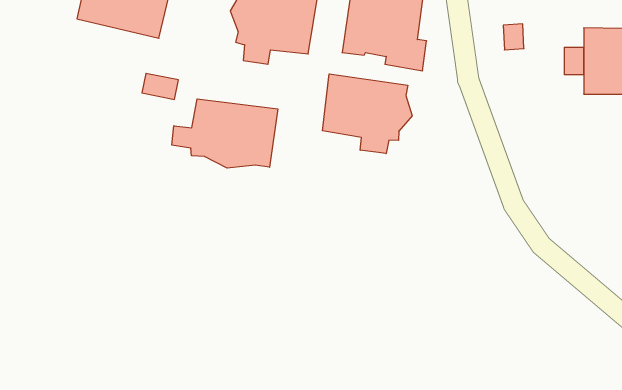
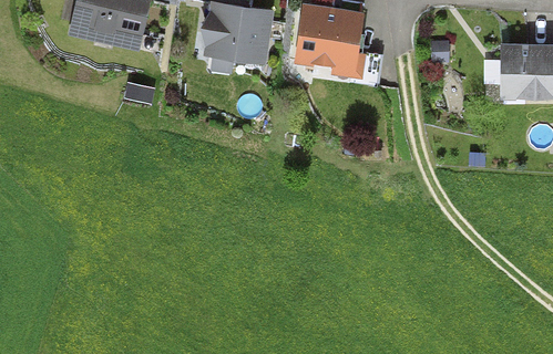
building: [323,74,412,154] -> none
building: [172,99,278,168] -> none

